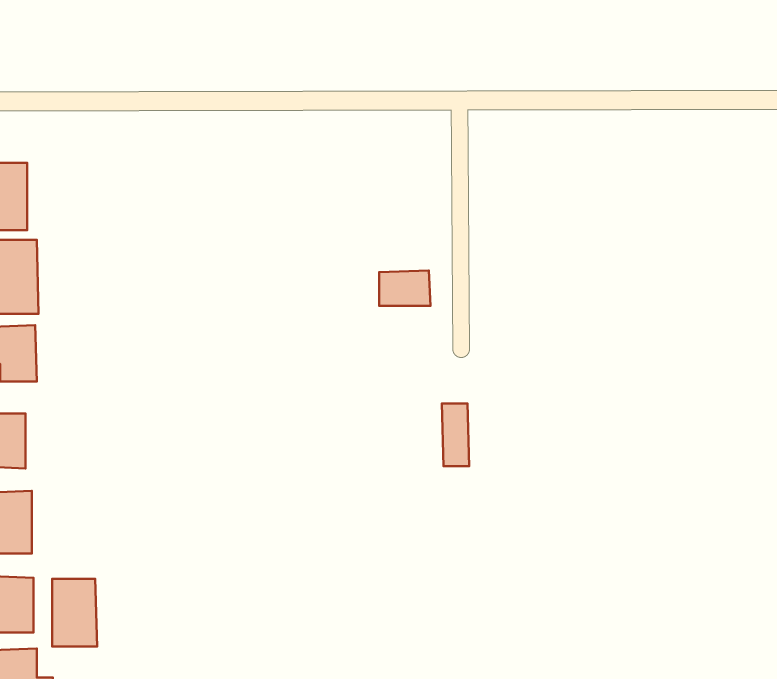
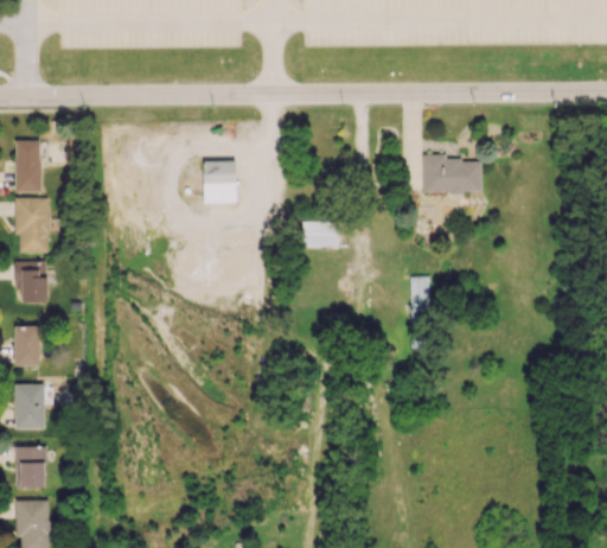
building: none -> [422,154,483,192]
building: none -> [203,161,237,203]
building: [442,403,469,466] -> [410,276,430,323]
building: [52,579,97,646] -> none

